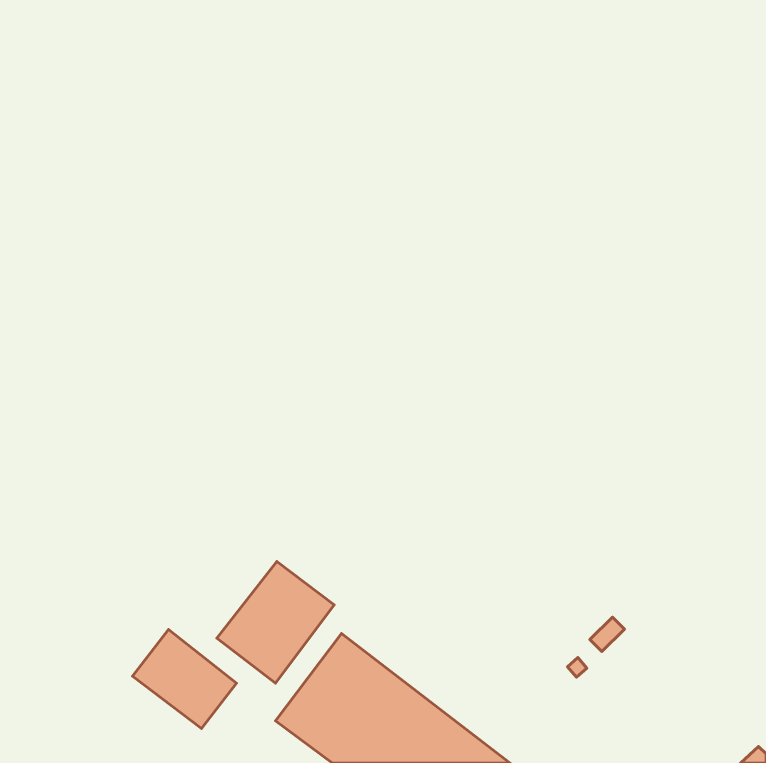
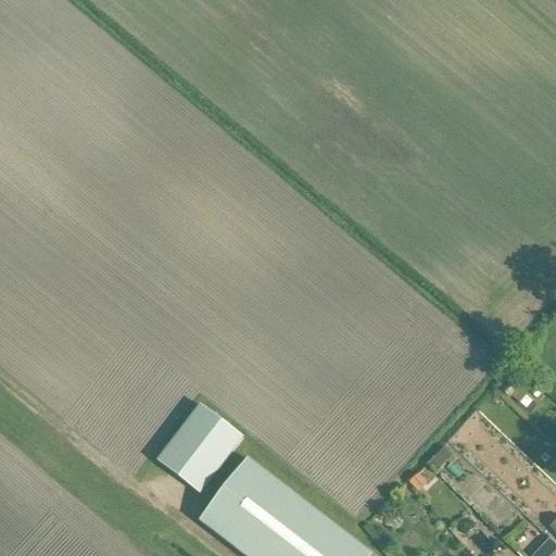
building: [132,630,236,728] -> none

